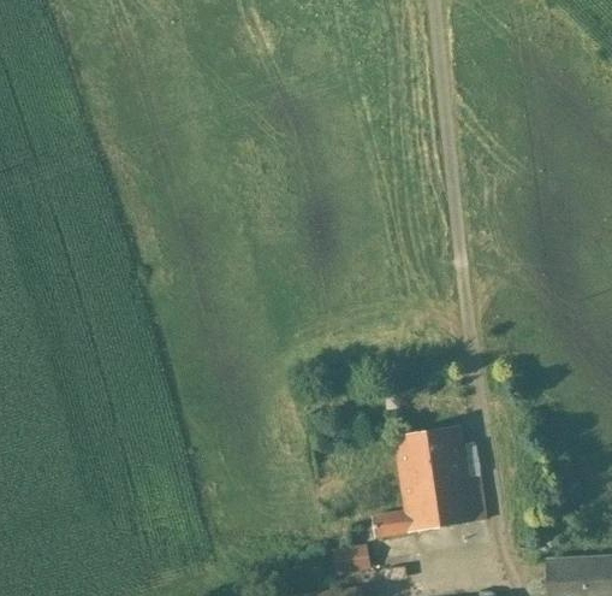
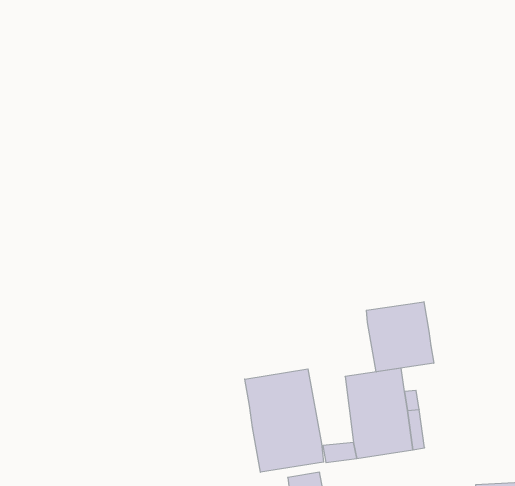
building: none -> [366,302,434,372]
building: none -> [245,369,324,472]

